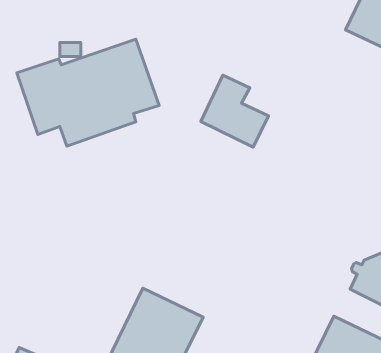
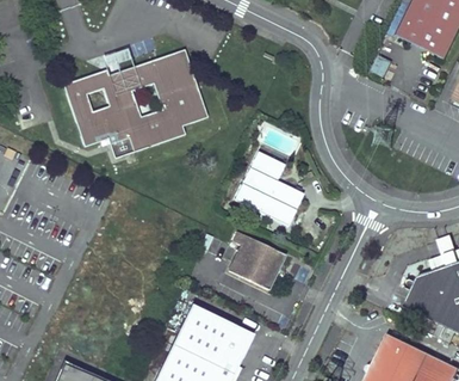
building: [201,75,268,147] -> [234,150,303,225]
building: none -> [228,229,285,289]

